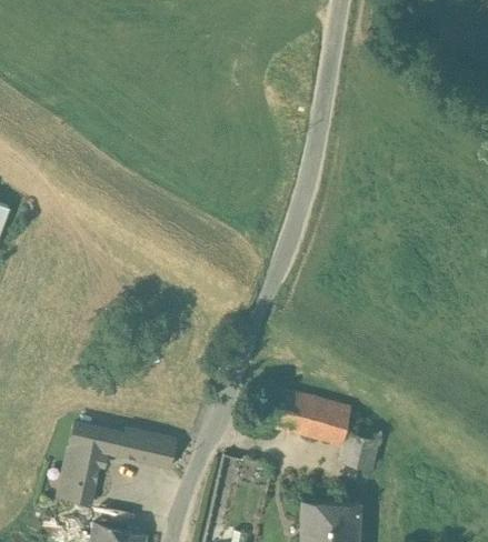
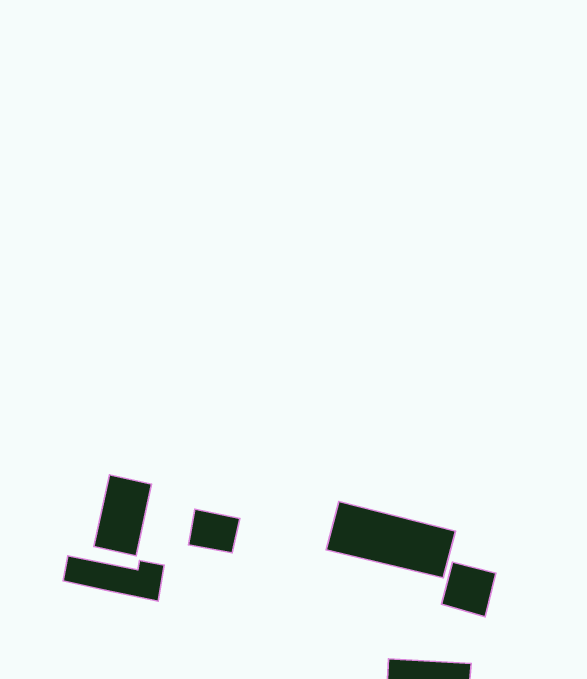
building: [139,434,176,465] -> [189,509,240,553]
building: [60,445,101,503] -> [94,475,152,556]

